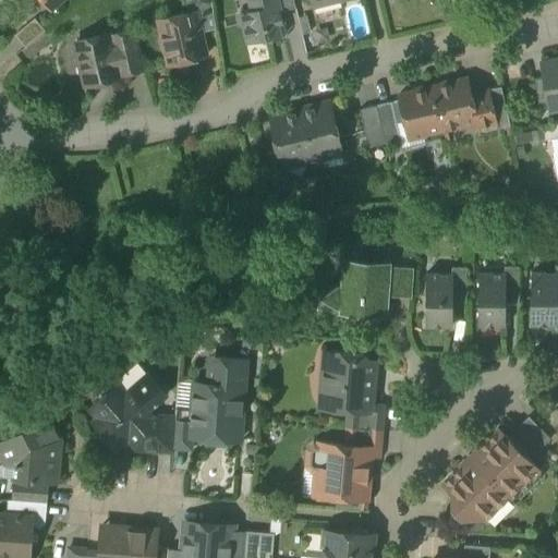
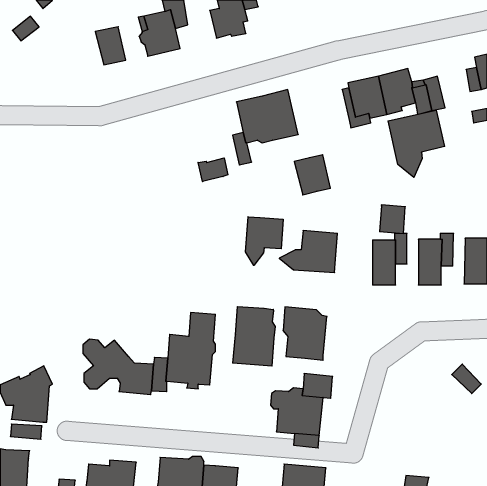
building: [75,35,119,86] -> none
building: [359,104,400,149] -> [294,155,330,195]
building: none -> [388,110,445,177]
building: none -> [198,158,228,182]
building: none -> [245,217,283,265]
building: [384,267,413,300] -> [380,205,405,233]
building: none -> [233,307,275,366]
building: [131,375,165,409] -> none
building: [348,408,381,432] -> none
building: [442,429,538,521] -> none
building: [7,500,47,529] -> none

